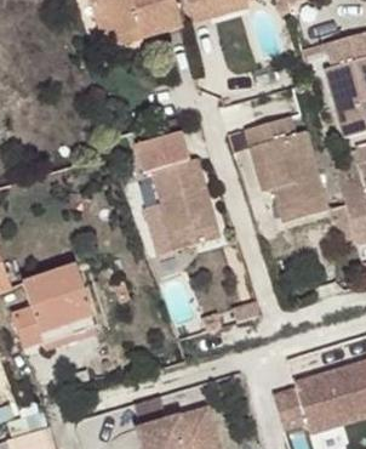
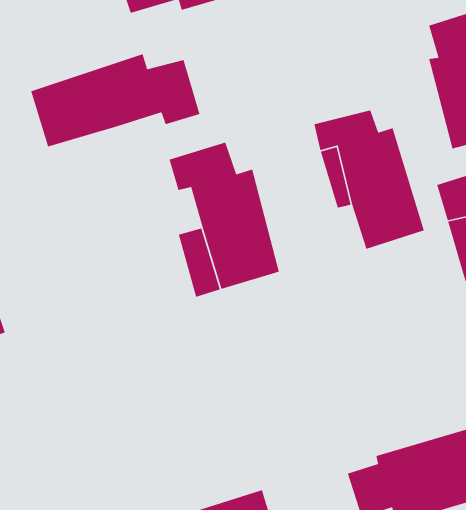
building: none -> [30,53,200,147]
building: [13,265,96,347] -> none

